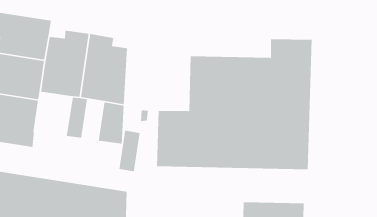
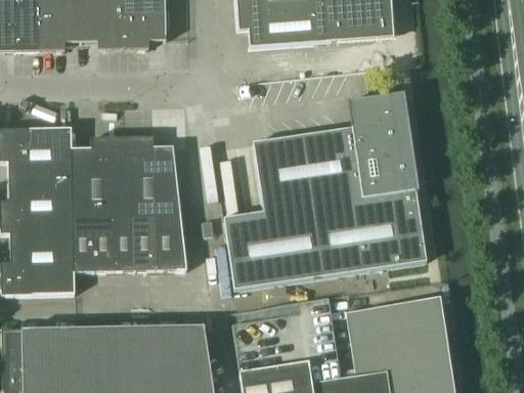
building: none -> [73,220,115,272]
building: [119,130,140,172] -> [134,219,156,270]

